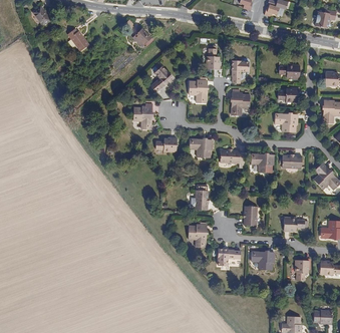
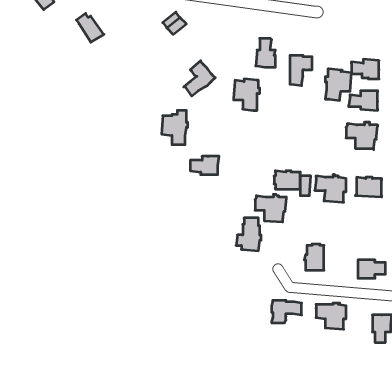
building: [230,92,250,116] -> [325,69,351,100]
building: [189,137,213,158] -> [255,194,286,222]
building: [188,225,208,248] -> none

